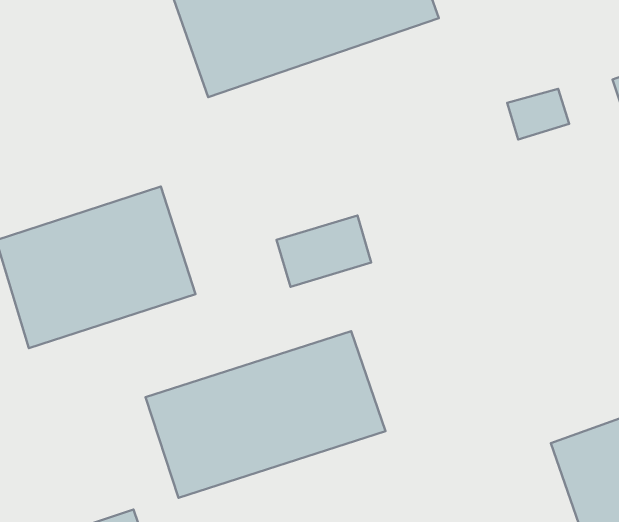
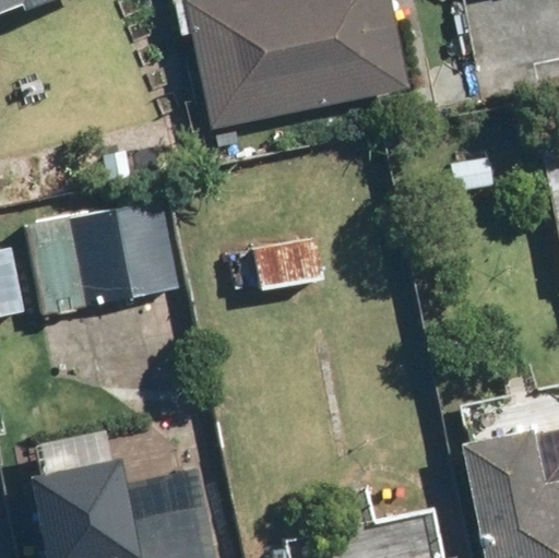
building: [146,331,386,498] -> none

